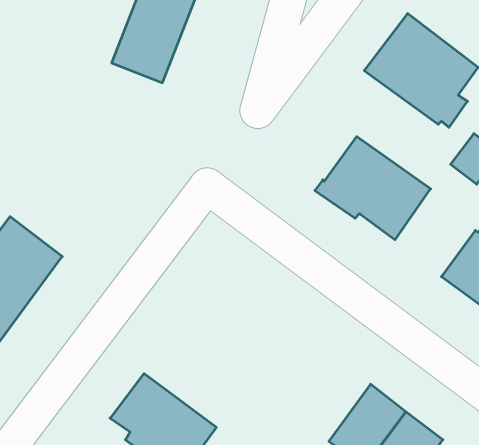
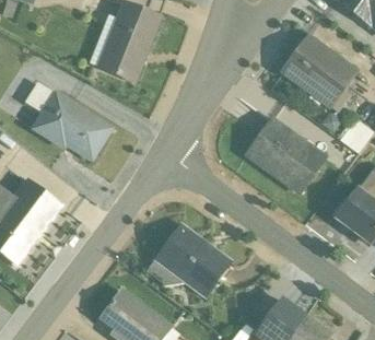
building: none -> [24,81,115,163]
building: none -> [148,225,231,295]

